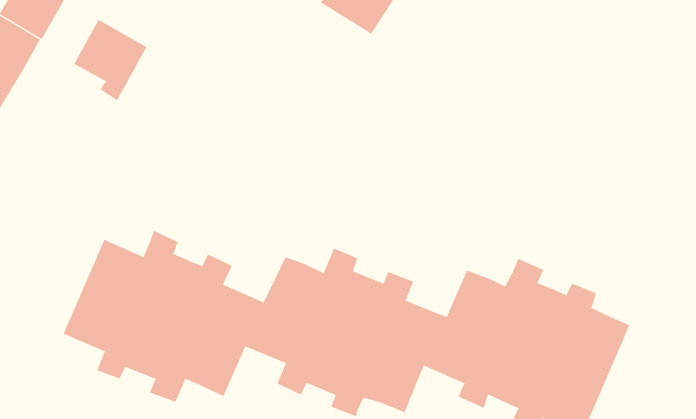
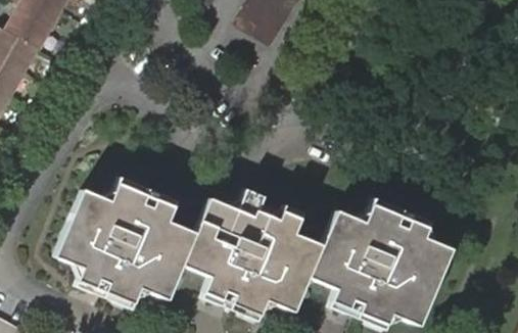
building: [74,19,147,101] -> none

